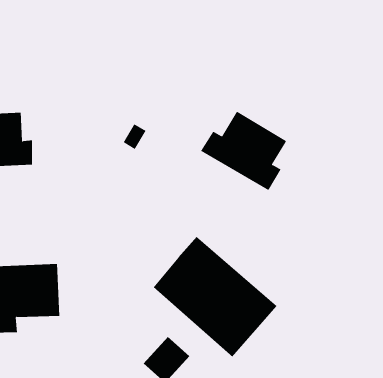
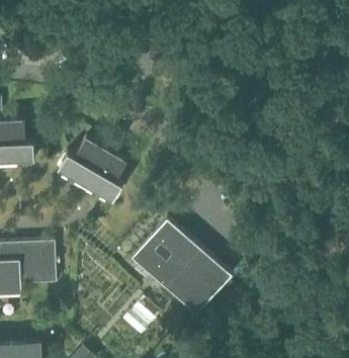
building: [200,111,286,191] -> [57,138,126,202]

